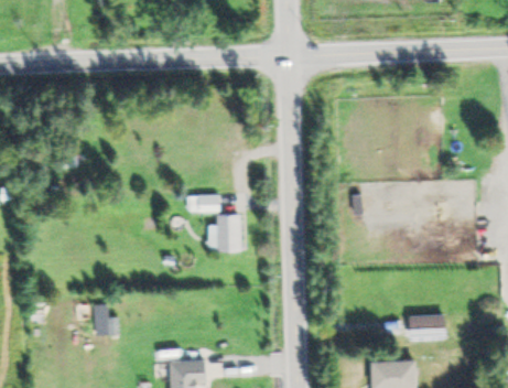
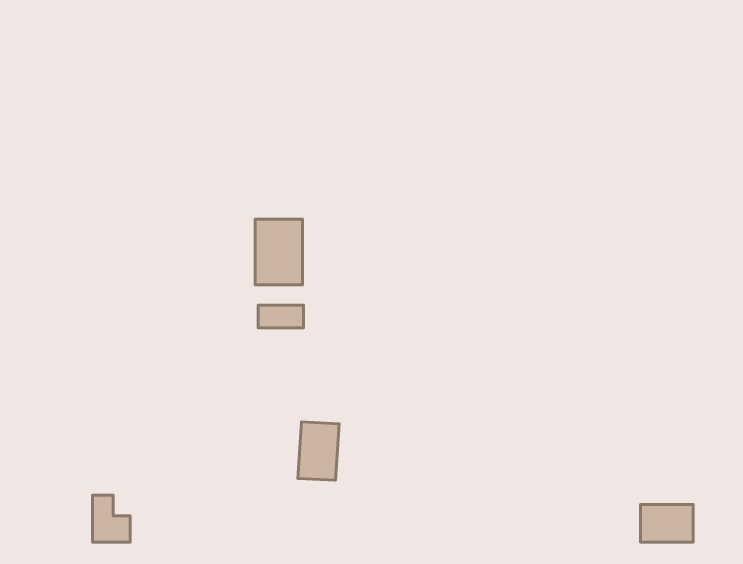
building: none -> [255,219,303,285]
building: [218,216,242,250] -> [298,422,339,480]

